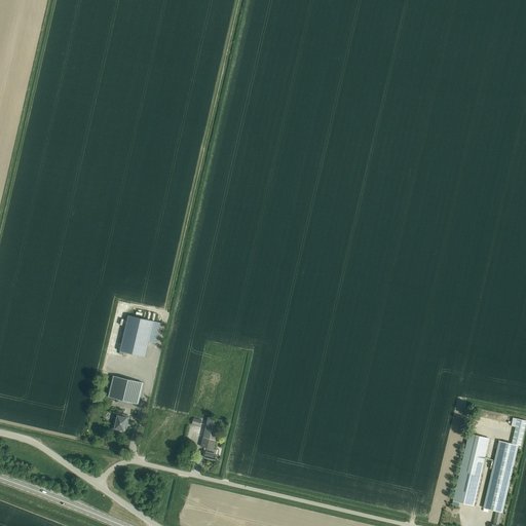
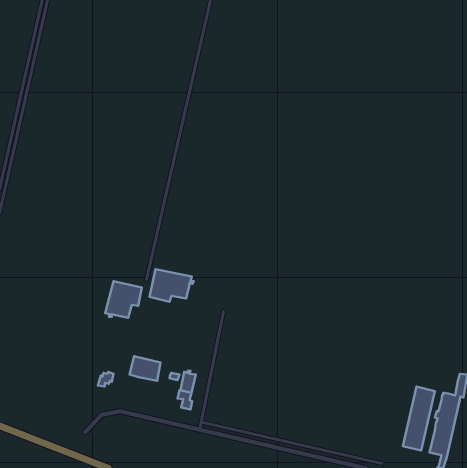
building: none -> [149,269,194,302]
building: [107,376,142,404] -> [130,356,161,381]

